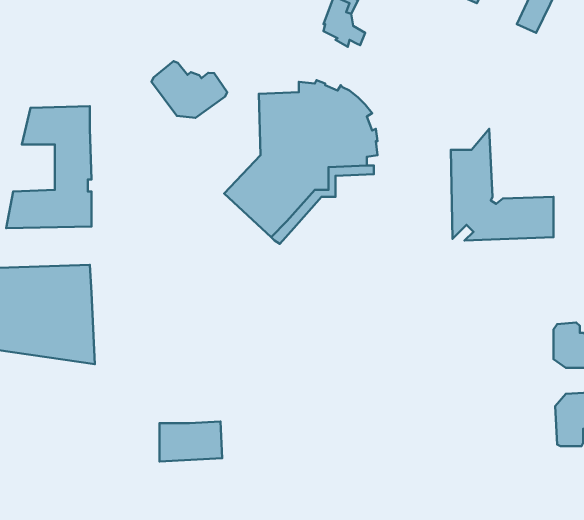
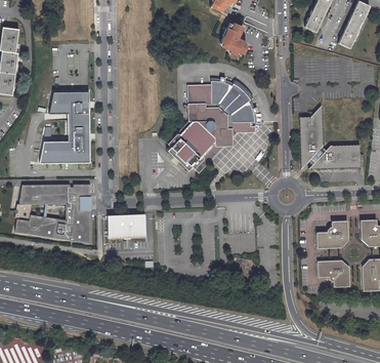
building: [151,61,227,118] -> none
building: none -> [318,220,348,248]
building: none -> [318,259,349,287]
building: [159,421,222,462] -> [110,215,146,239]

